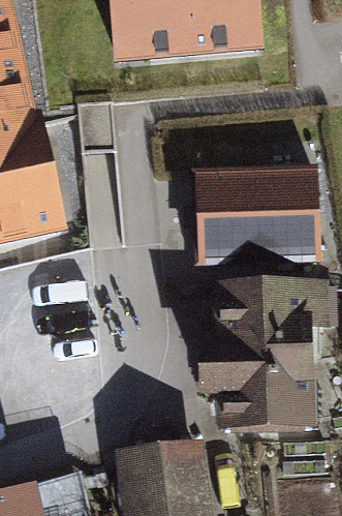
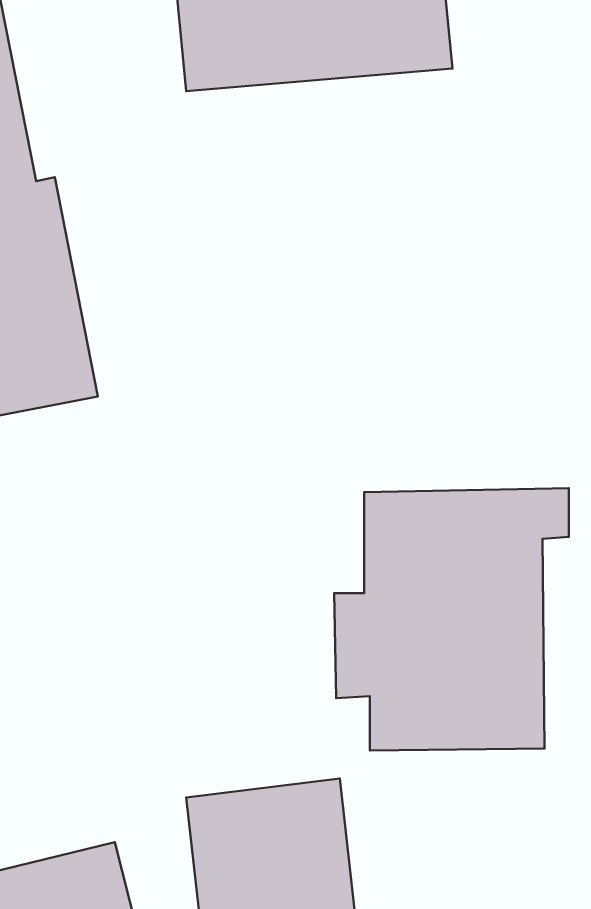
building: [193,165,321,267] -> none

